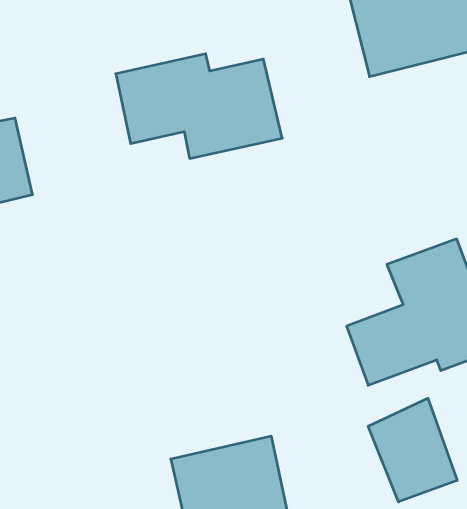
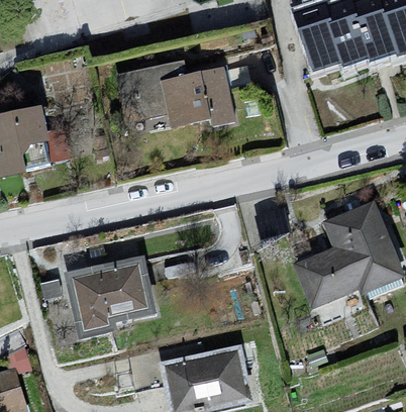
building: none -> [65,252,158,330]
building: [368,398,457,502] -> none

